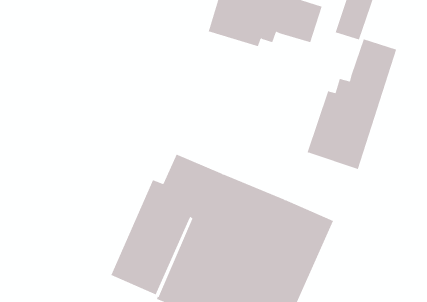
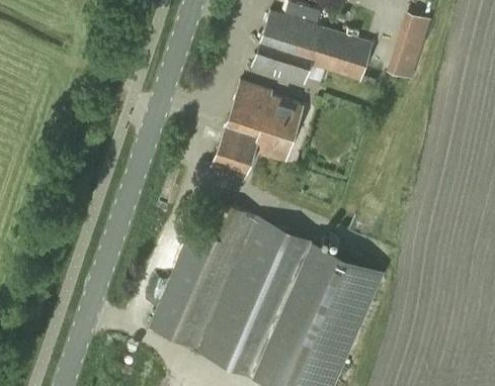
building: [307,38,397,170] -> none
building: none -> [212,82,304,181]

